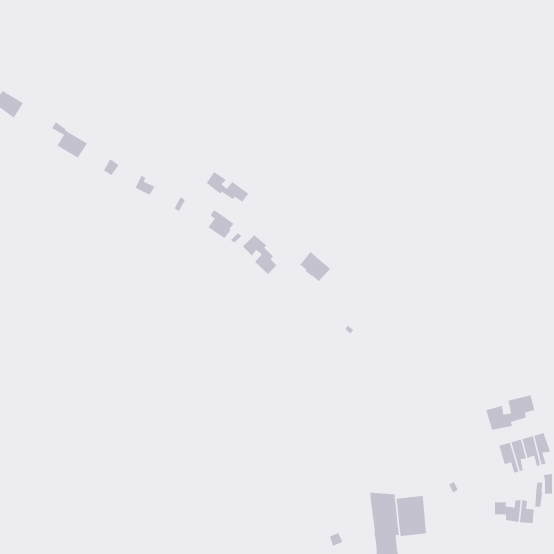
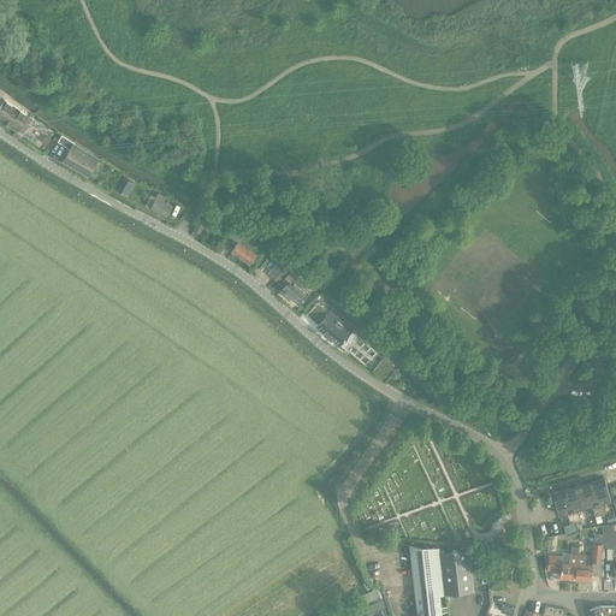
building: [206,171,249,202] -> none
building: [299,251,331,282] -> [316,313,351,346]
building: [486,394,535,430] -> none

